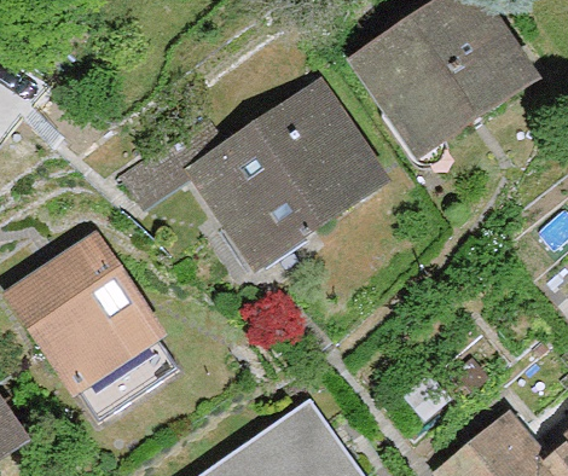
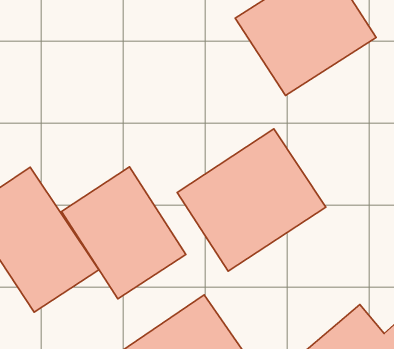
building: [197,92,383,269] -> [177,129,326,271]
building: none -> [62,167,186,299]

